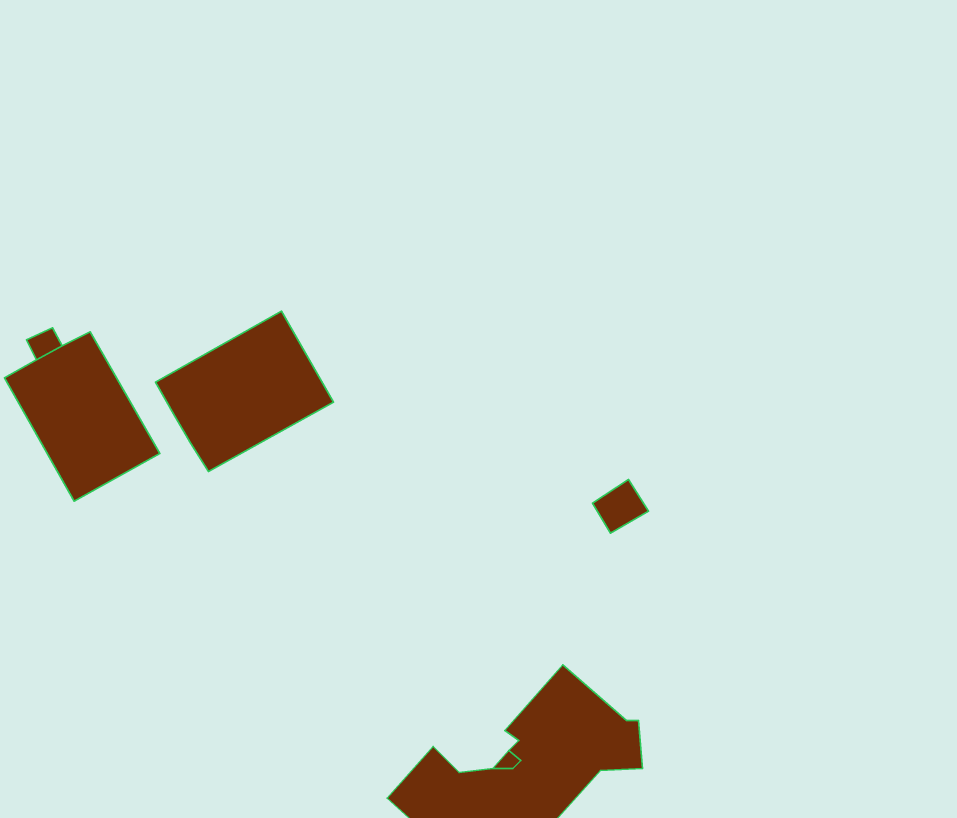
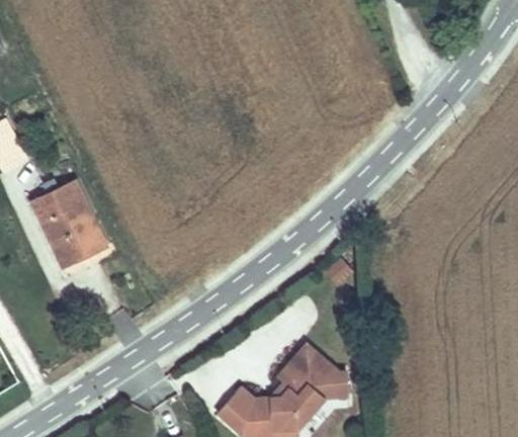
building: [155,311,333,472] -> none

